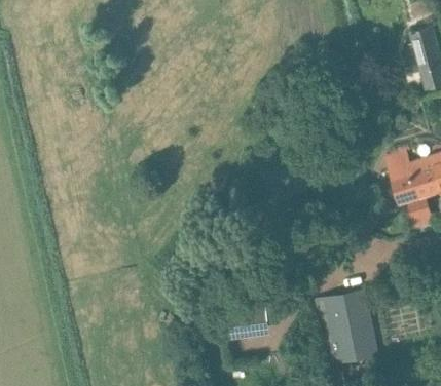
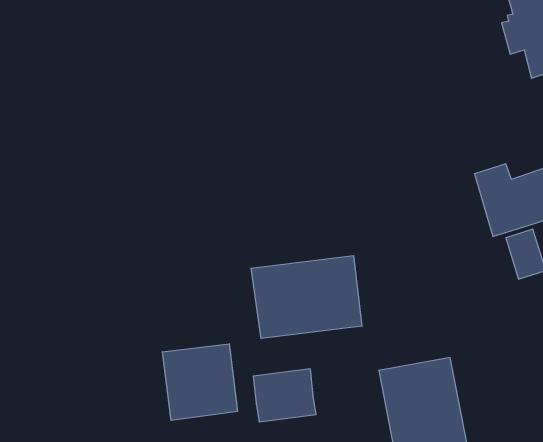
building: none -> [251,256,362,339]
building: none -> [162,344,237,420]

